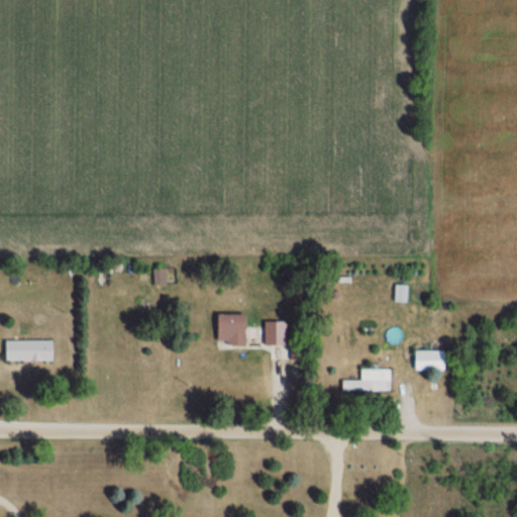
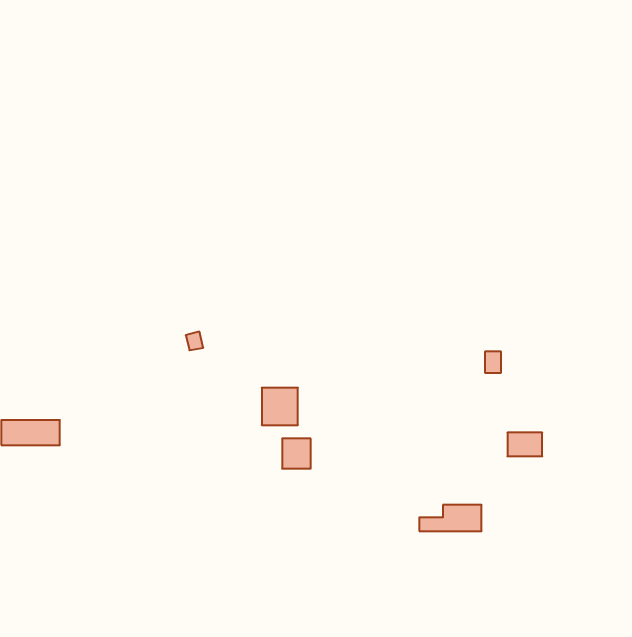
building: [265,321,288,345] -> [282,439,311,469]
building: [342,370,393,391] -> [419,505,482,531]

